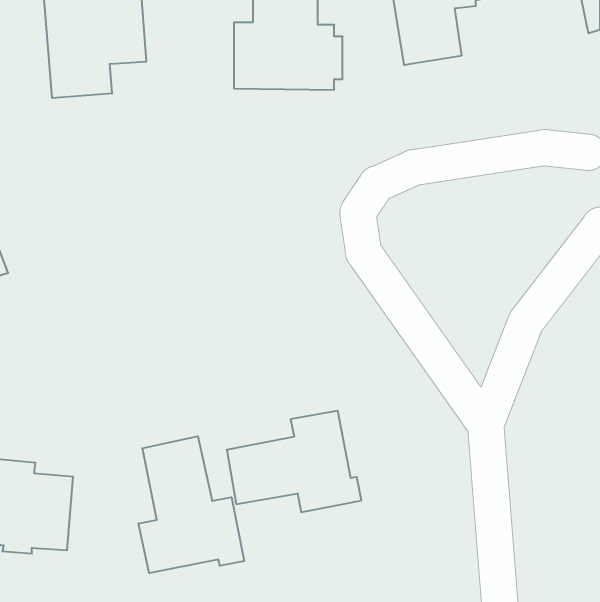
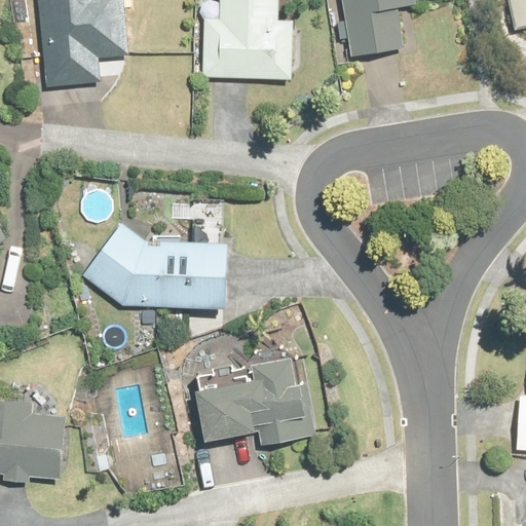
building: none -> [85,223,226,307]
building: [138,436,244,573] -> none

